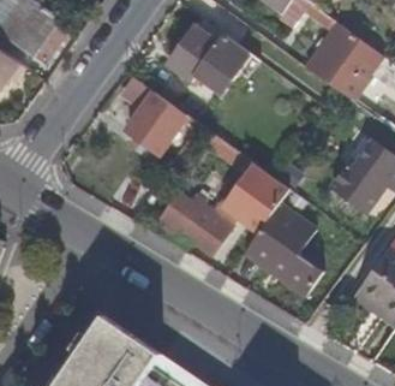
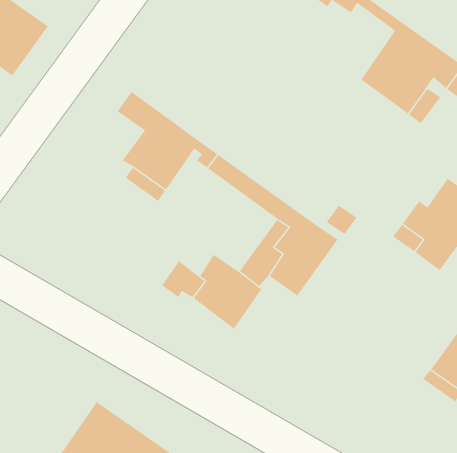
building: [169,28,261,94] -> none
building: [243,202,324,297] -> none

